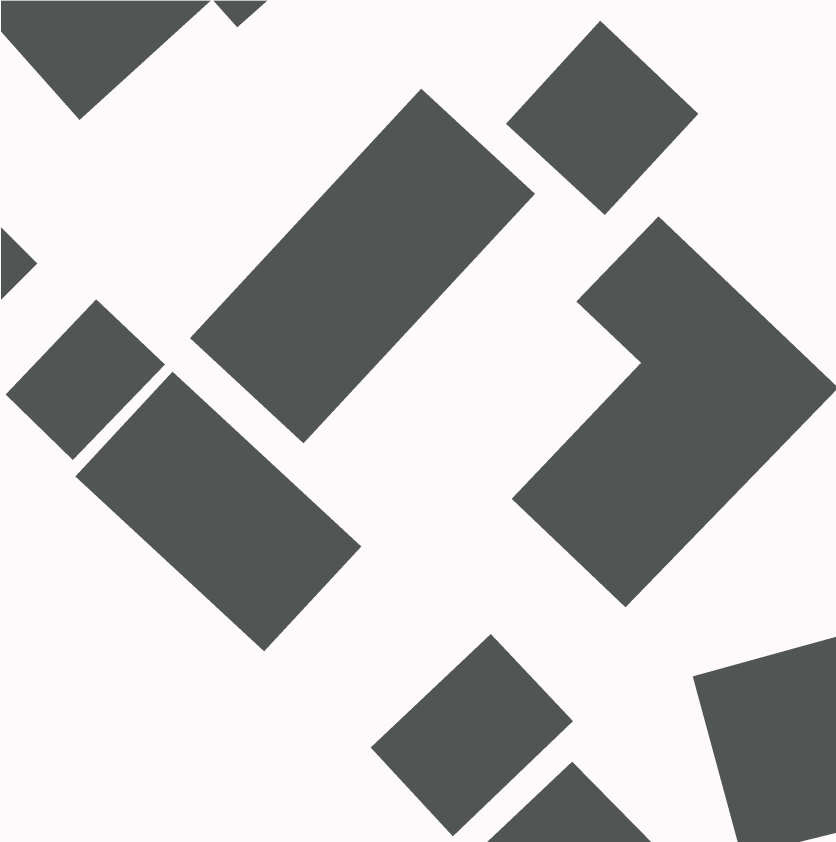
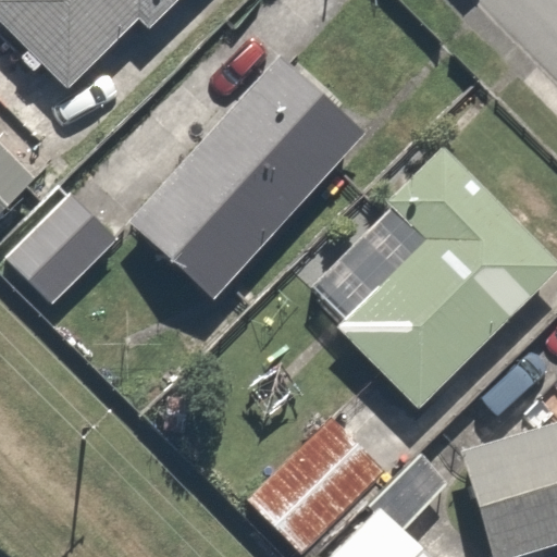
building: [505,20,699,216] -> none
building: [75,371,362,652] -> none

